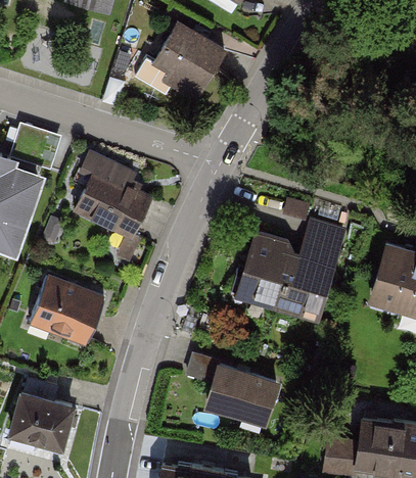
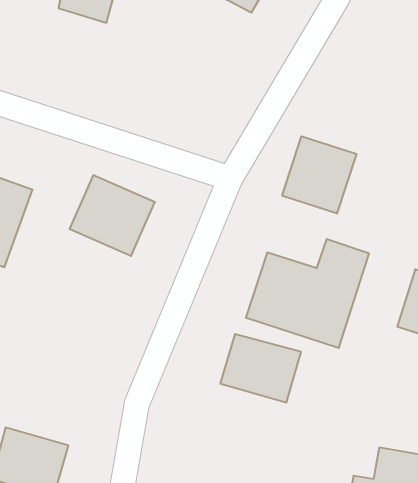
building: [140,32,226,114] -> none
building: none -> [282,136,356,214]
building: [33,276,107,345] -> none
building: [204,364,278,426] -> [220,334,301,402]

